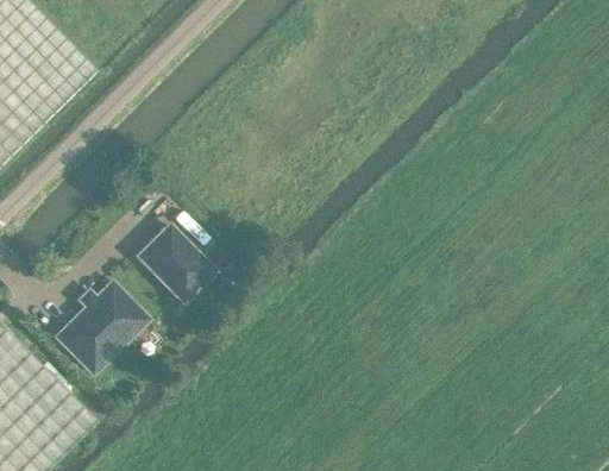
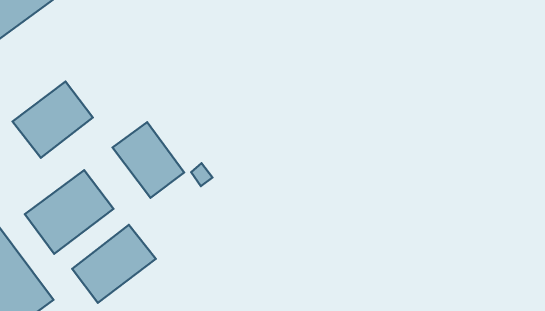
building: none -> [13,81,93,158]
building: none -> [72,225,156,303]

